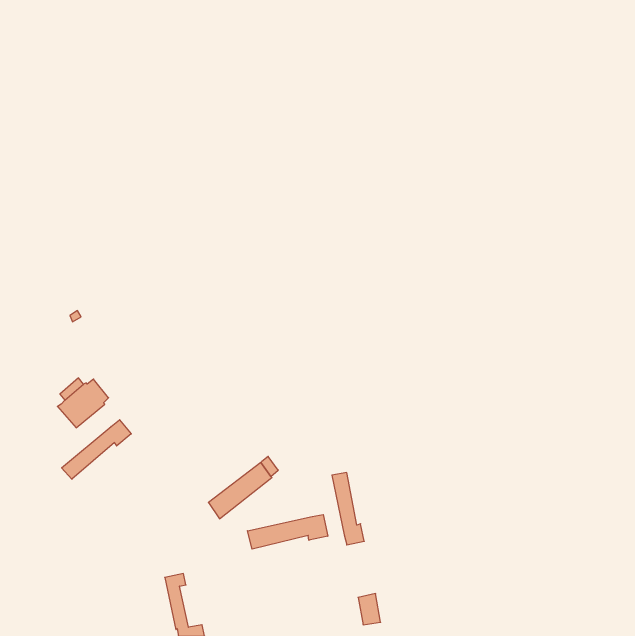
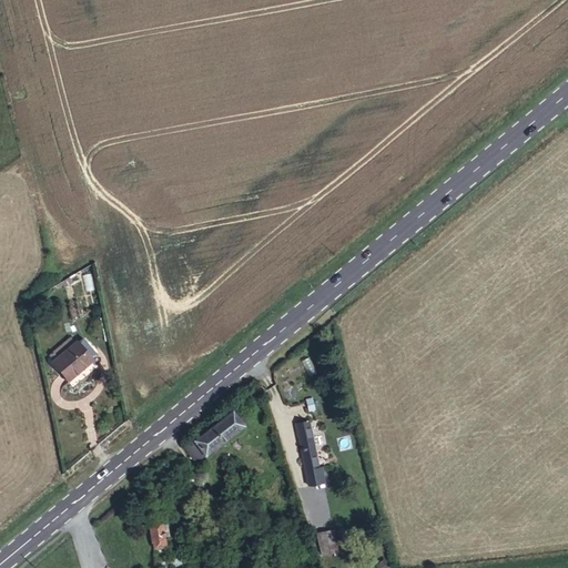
building: [62,420,131,479] -> none
building: [247,515,328,549] -> none

